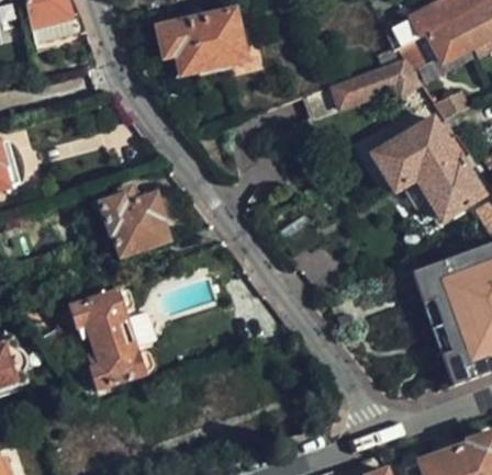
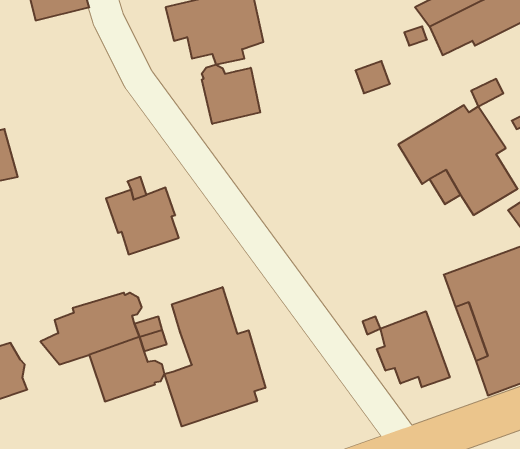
building: [356,59,420,98] -> none
building: none -> [202,65,260,124]
building: none -> [164,287,265,426]
building: none -> [377,311,450,387]

